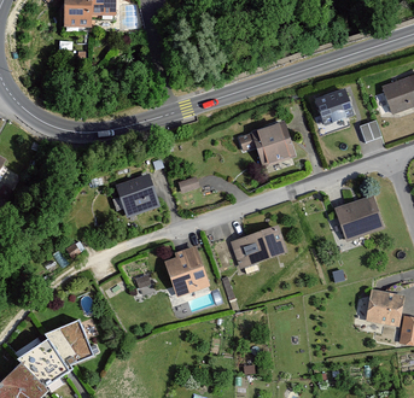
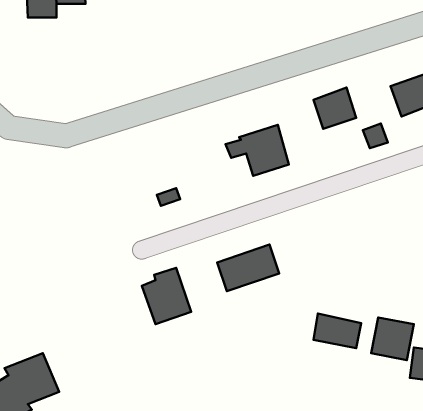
building: [116,176,156,216] -> none
building: [334,195,383,240] -> none
building: none -> [313,314,361,348]

